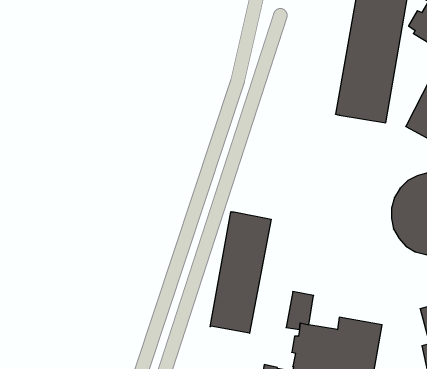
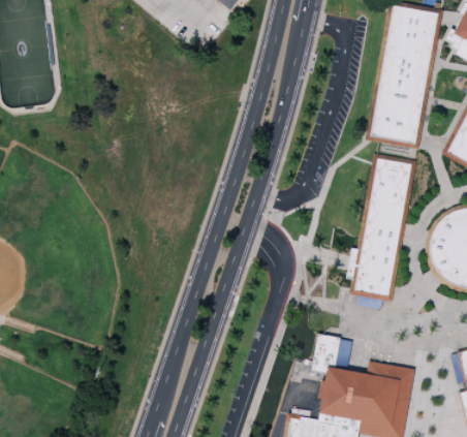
building: none -> [347,154,418,303]
building: [210,212,271,333] -> none

